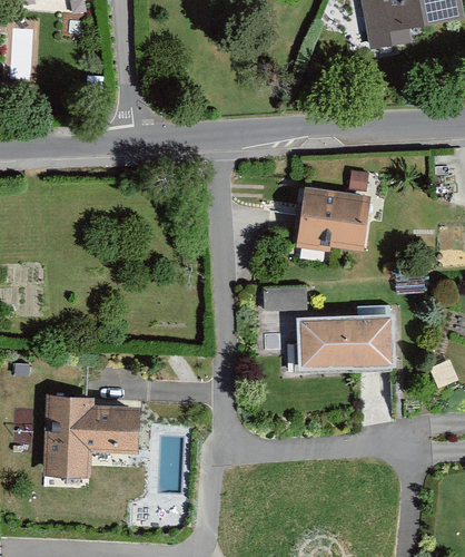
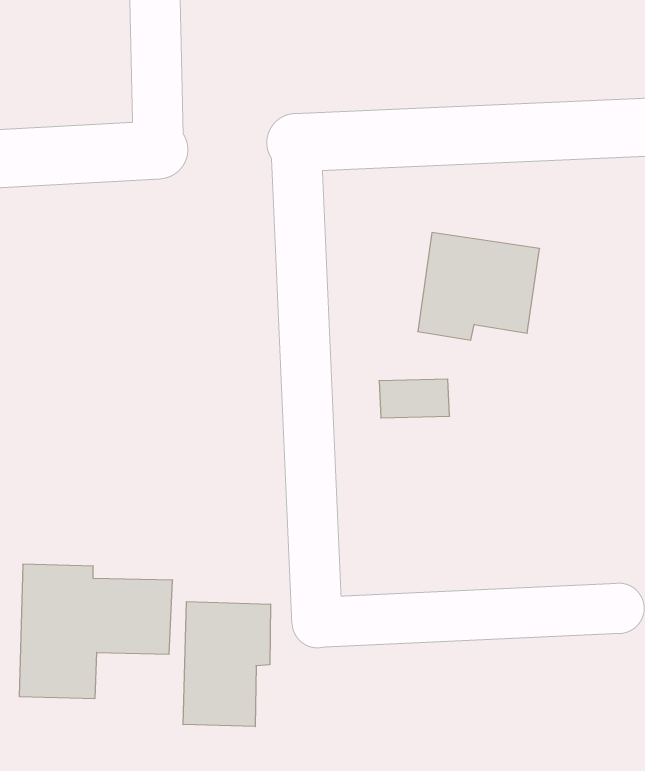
building: [293,314,395,374] -> none
building: none -> [183,602,270,727]

